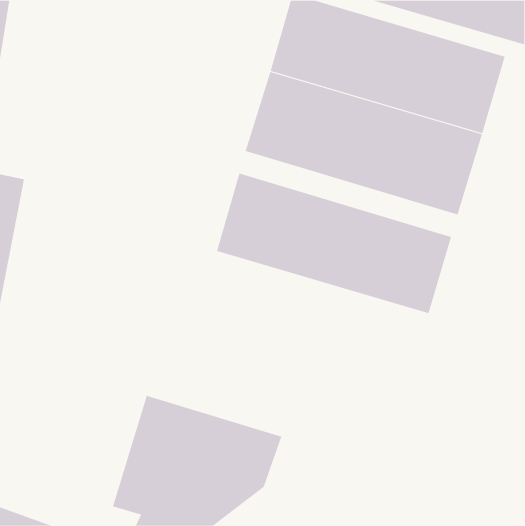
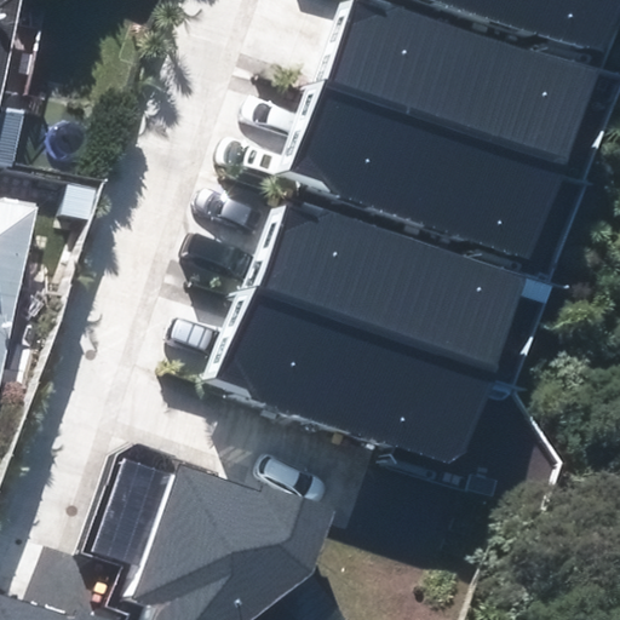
building: none -> [225,295,505,465]

